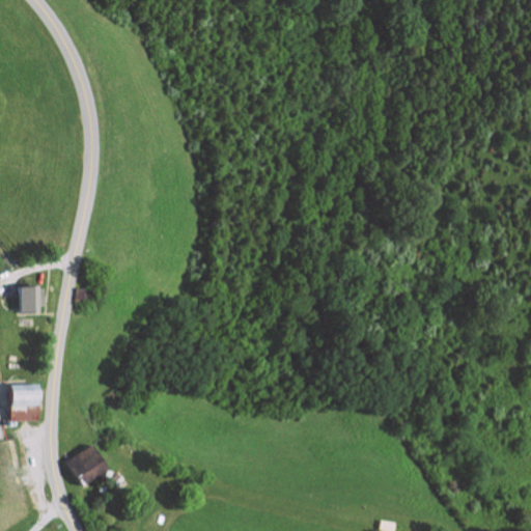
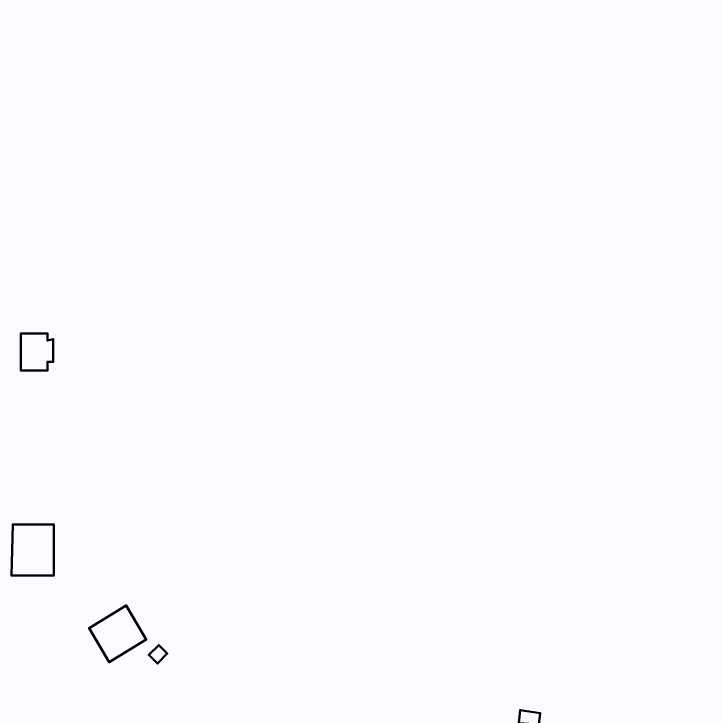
building: [21,286,45,313] -> [21,334,53,370]

